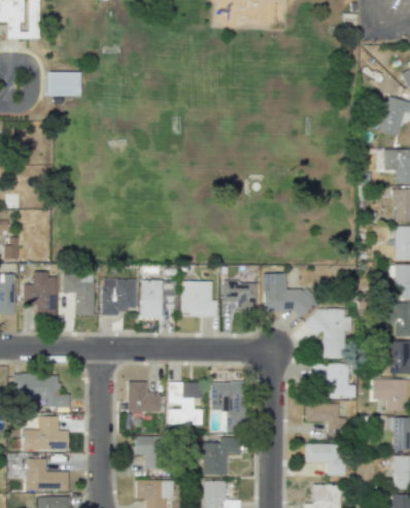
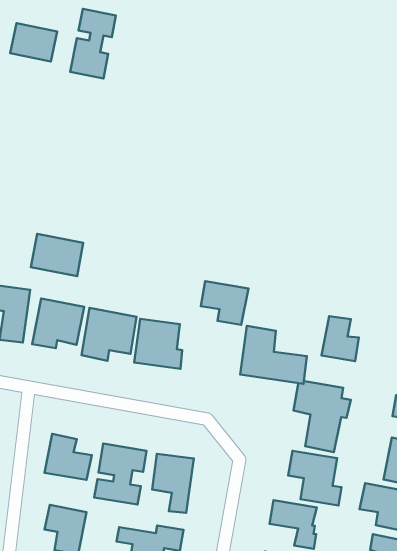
building: none -> [70,9,116,78]
building: none -> [31,234,83,276]
building: none -> [321,316,359,361]
building: [223,281,257,310] -> [201,281,248,325]

